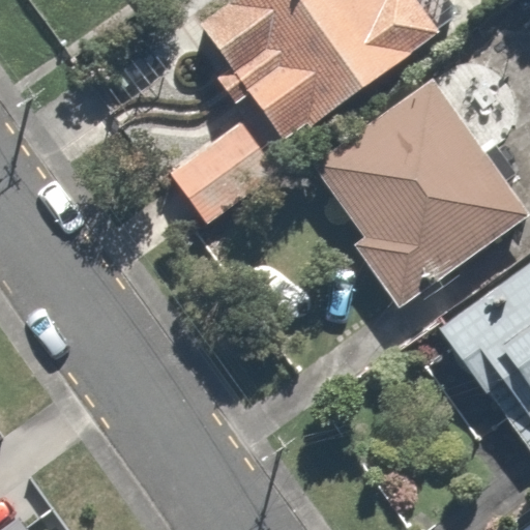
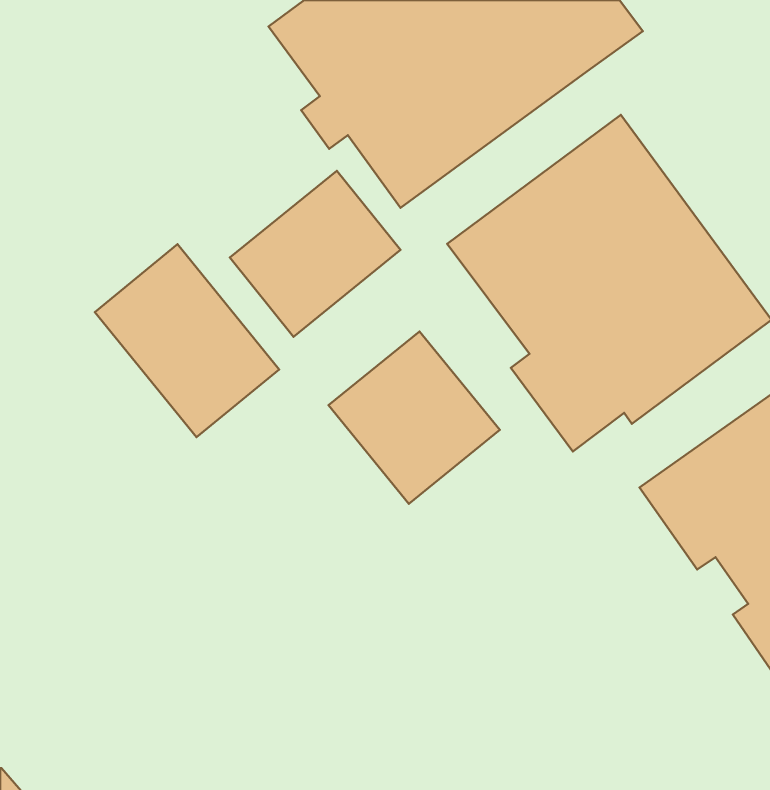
building: none -> [95,244,279,437]
building: none -> [329,331,500,504]

